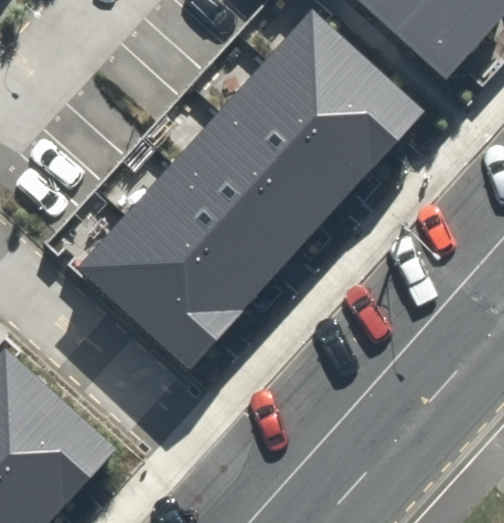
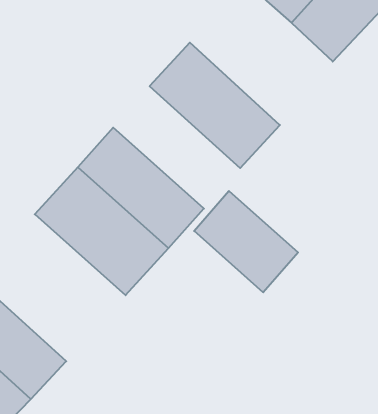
building: [269,8,423,157] -> none
building: [174,109,331,260] -> none
building: none -> [194,191,298,292]

